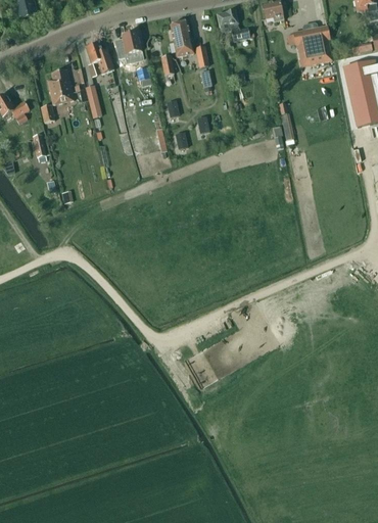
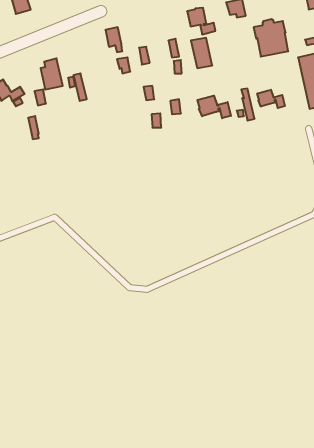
building: [170,21,194,56] -> [191,38,212,68]
building: [86,43,113,74] -> none
building: none -> [257,90,285,108]
building: none -> [197,96,231,118]

